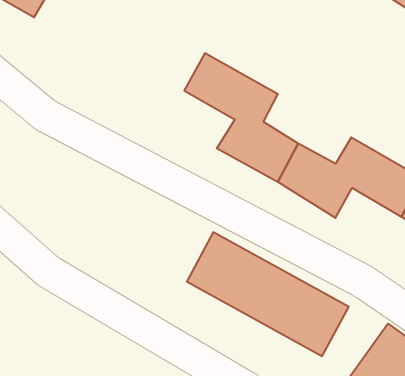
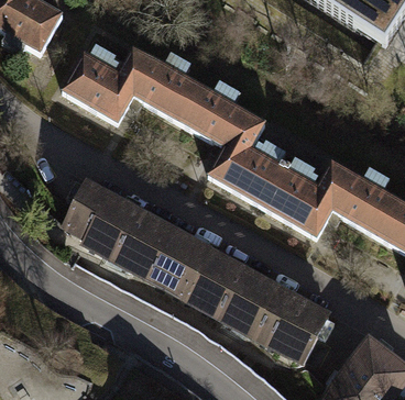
building: none -> [62,46,197,120]
building: none -> [64,184,205,293]

